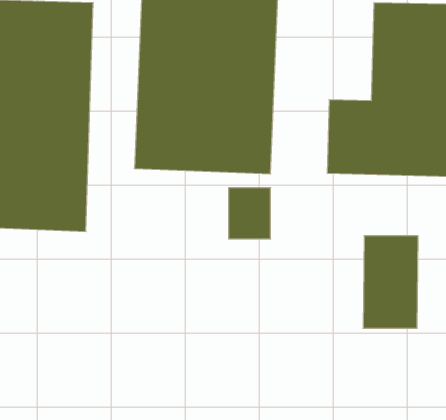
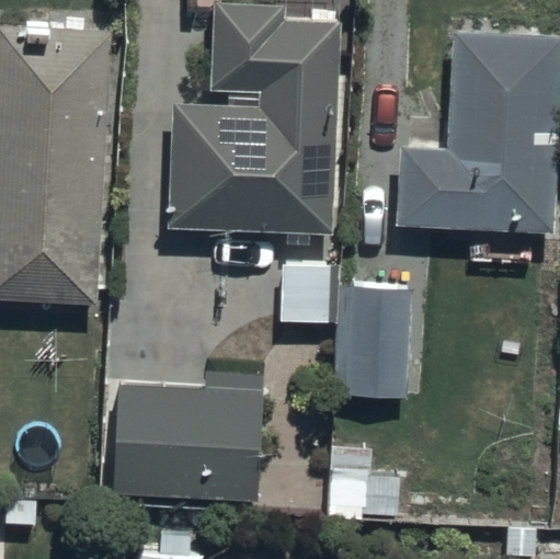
building: [363,236,418,328] -> [341,274,407,385]
building: none -> [110,383,263,502]

